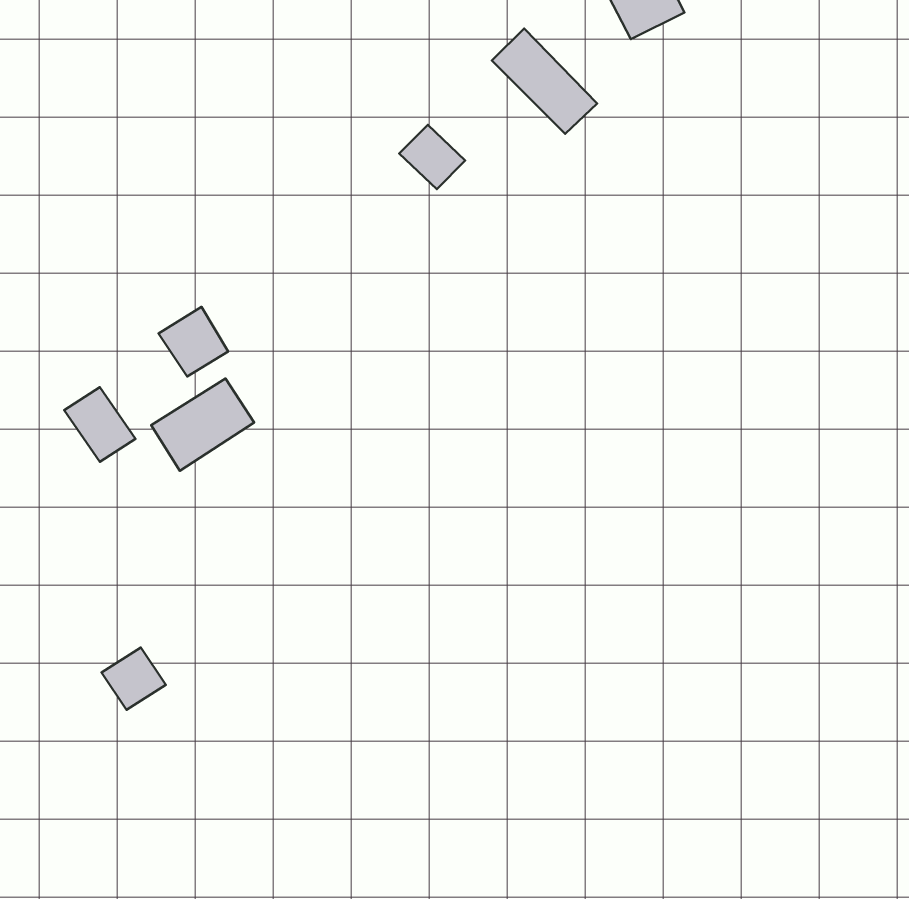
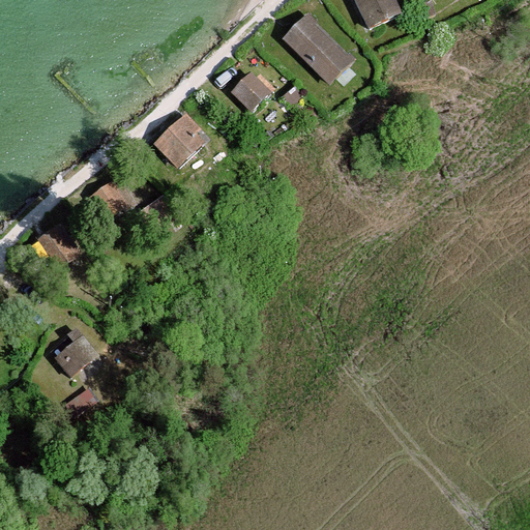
building: none -> [152,113,204,171]
building: [151,379,254,471] -> none
building: none -> [51,334,100,381]

